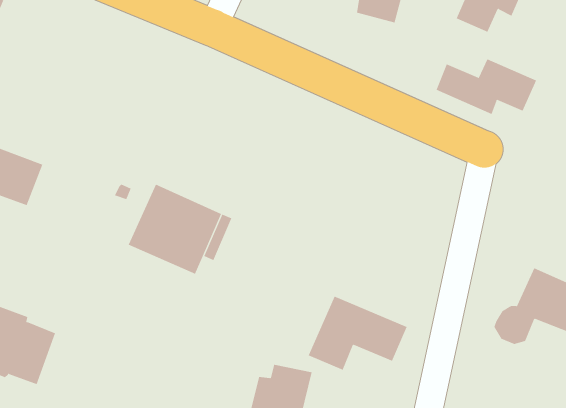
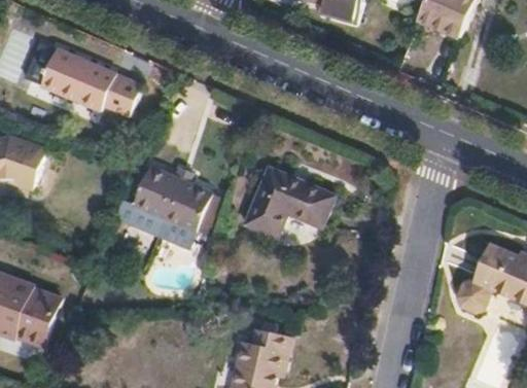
building: none -> [35,46,139,116]
building: [436,58,537,115] -> none
building: [308,296,407,371] -> [246,167,336,234]

